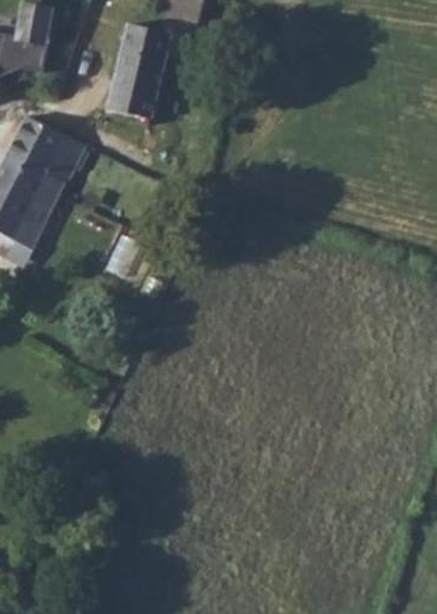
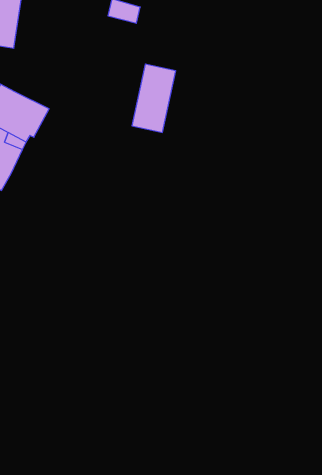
building: [108,32,163,119] -> [132,64,176,132]

